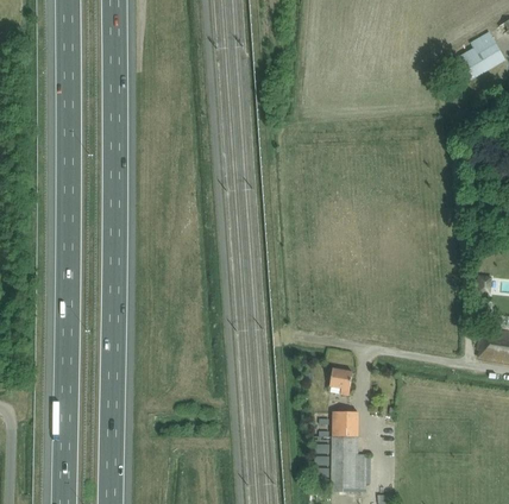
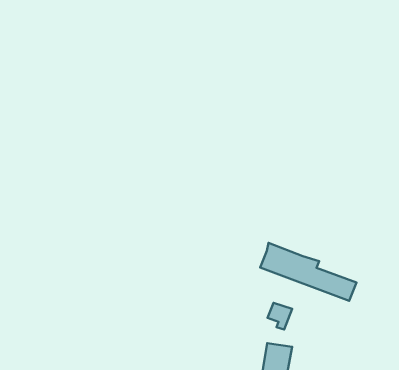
building: none -> [260,243,357,301]

